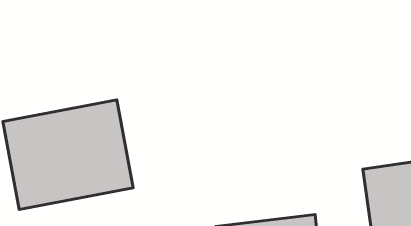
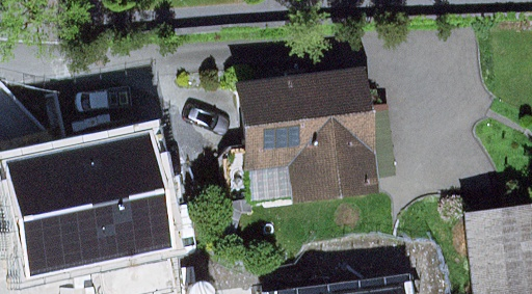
building: none -> [234,74,367,193]

